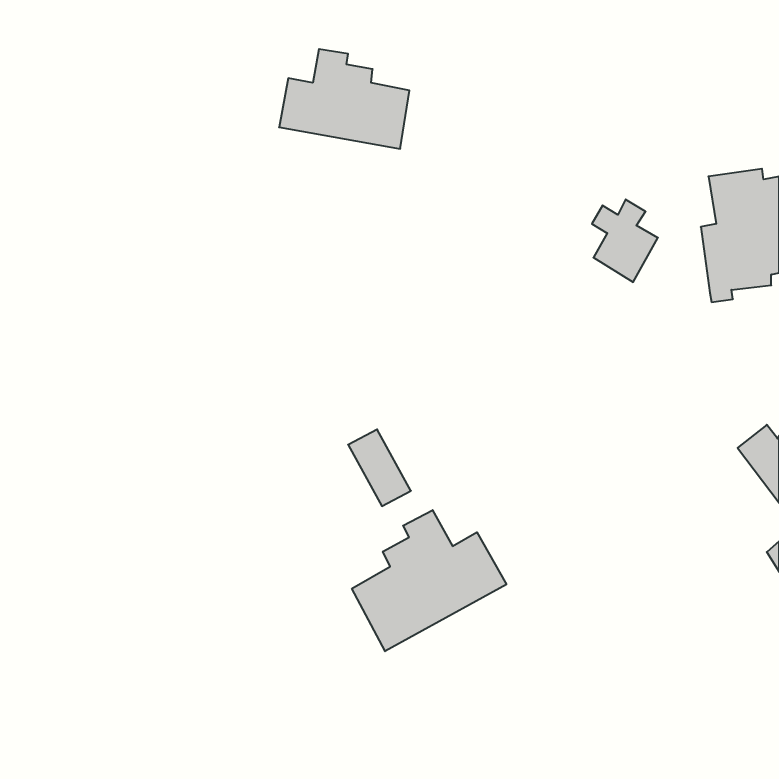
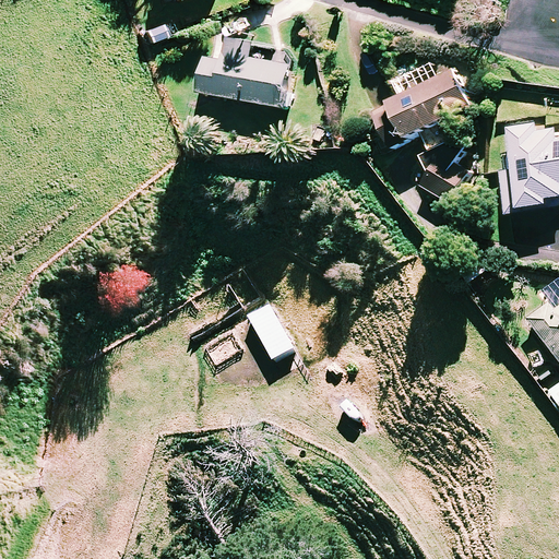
building: none -> [373,67,472,147]
building: [352,510,506,651] -> none

